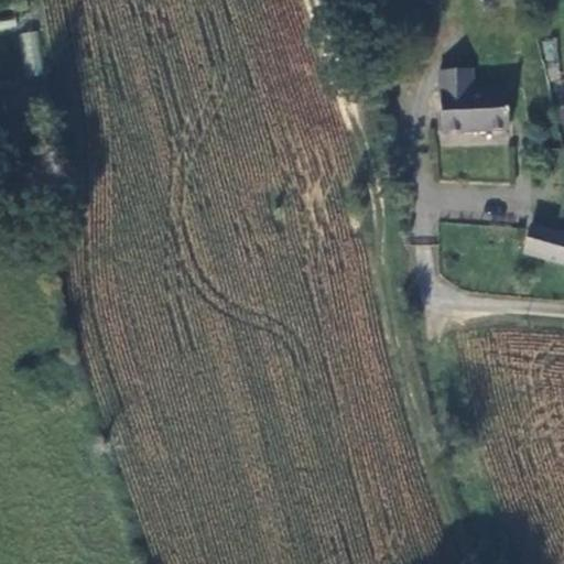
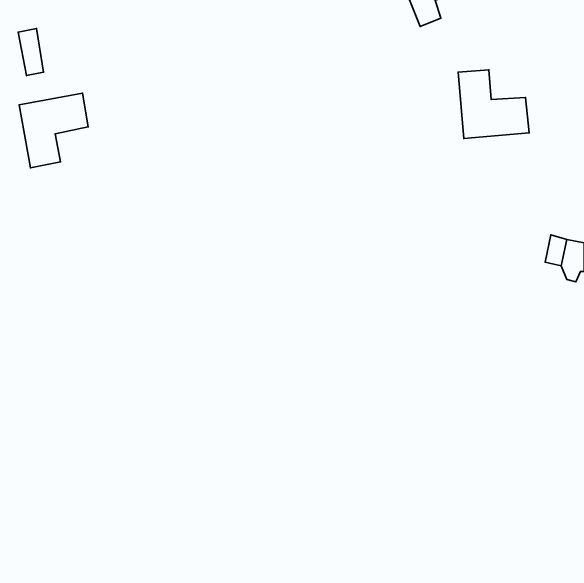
building: none -> [19,93,88,168]

